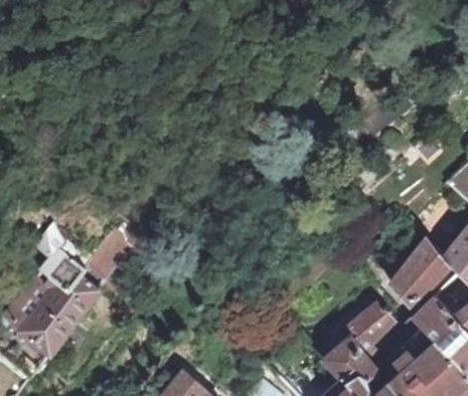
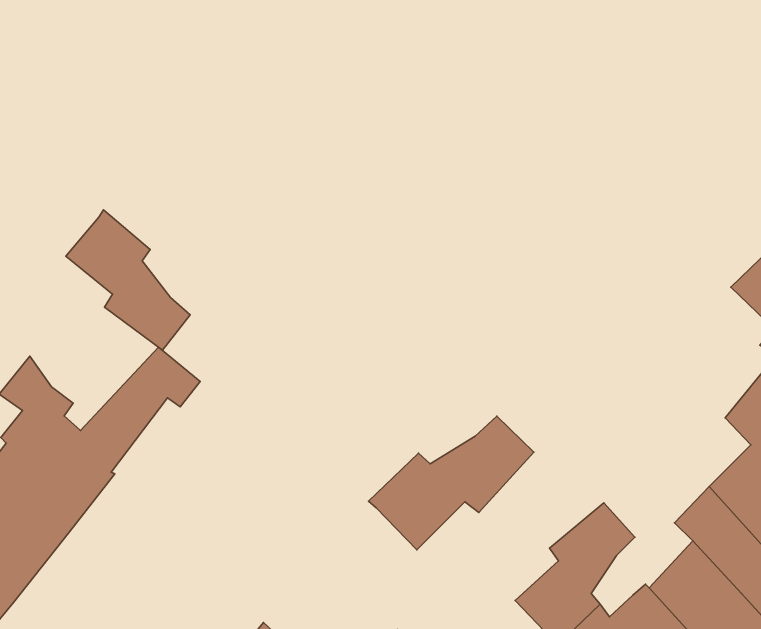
building: none -> [66,210,190,350]
building: [388,239,447,307] -> none
building: none -> [368,416,534,550]

